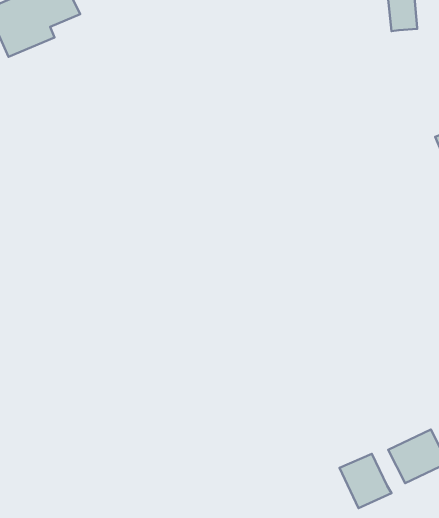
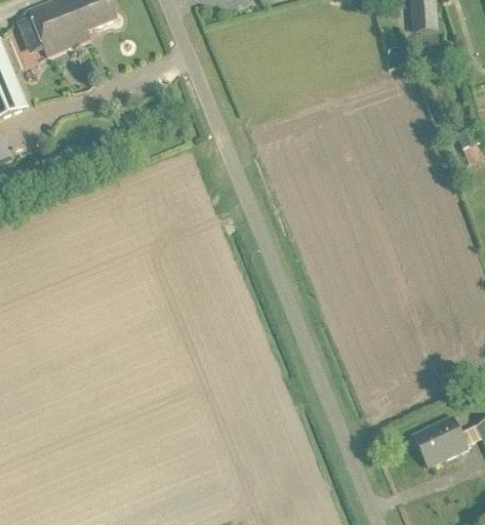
building: [340,454,392,508] -> none

